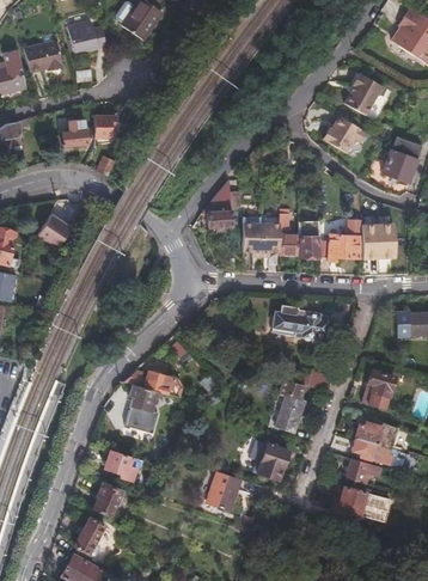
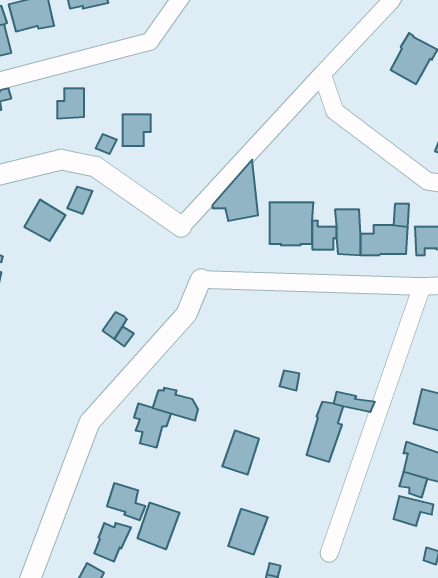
building: [94,111,118,137] -> [122,115,151,146]
building: [323,115,367,153] -> none
building: [273,308,325,338] -> none
building: [256,445,287,482] -> [222,430,259,475]
building: none -> [138,503,179,549]
building: [334,489,366,520] -> none

